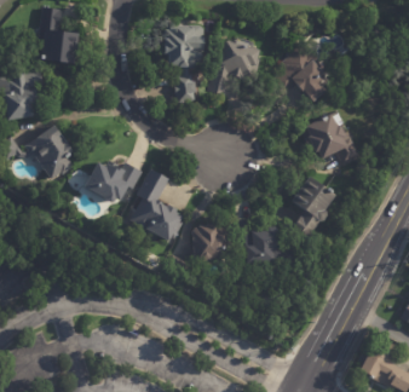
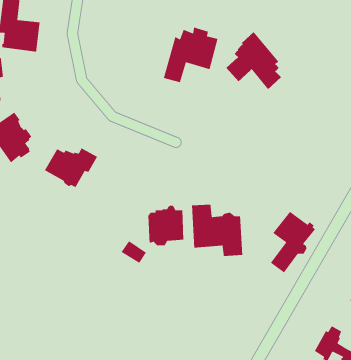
building: [166,23,206,102] -> none
building: [306,113,359,165] -> none
building: [131,169,184,242] -> none
building: [288,177,335,241] -> [270,211,316,273]

